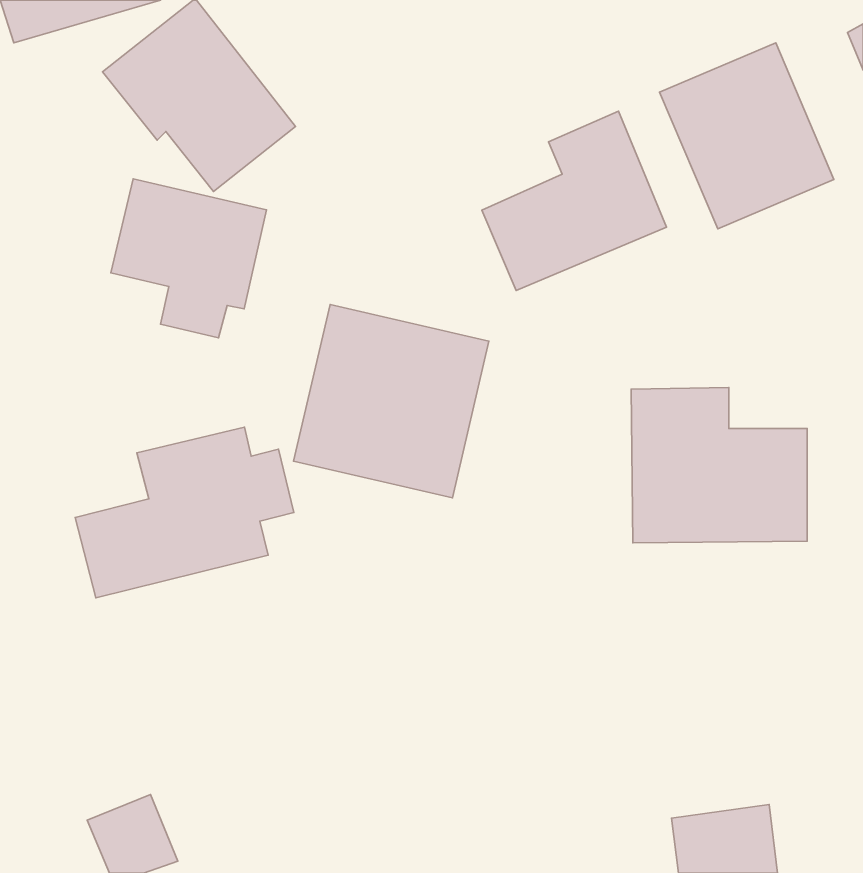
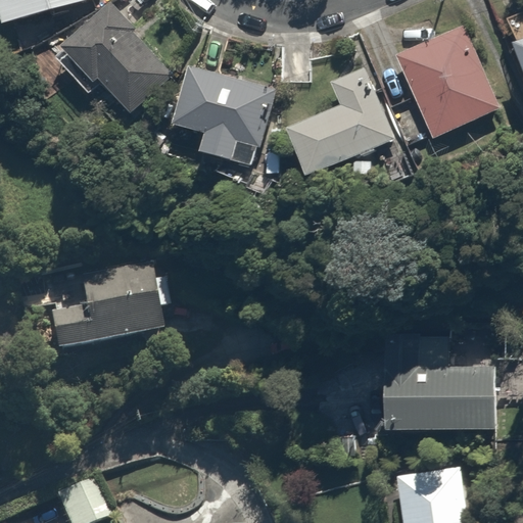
building: [111,179,266,338] -> [172,66,265,161]
building: [294,304,489,498] -> none
building: [631,387,807,543] -> [388,338,493,431]

